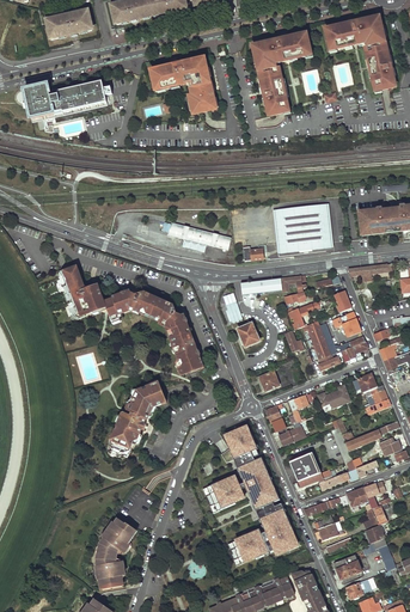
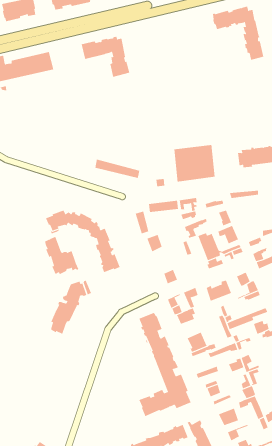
building: [253,33,310,115] -> none
building: [60,265,106,317] -> [44,236,79,275]
building: [203,477,245,513] -> none
building: [97,519,135,589] -> none

